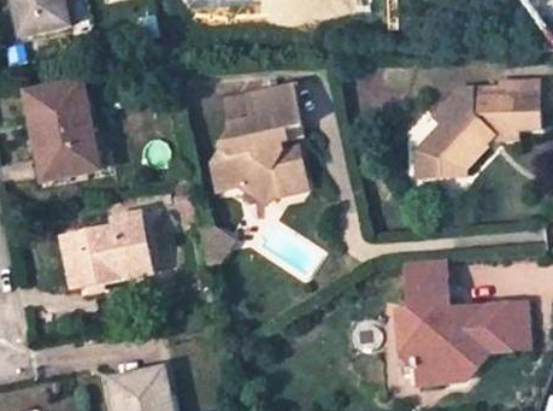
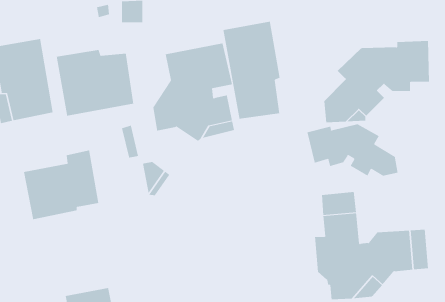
building: none -> [223,21,280,120]
building: none -> [56,49,134,116]
building: none -> [307,124,398,177]

